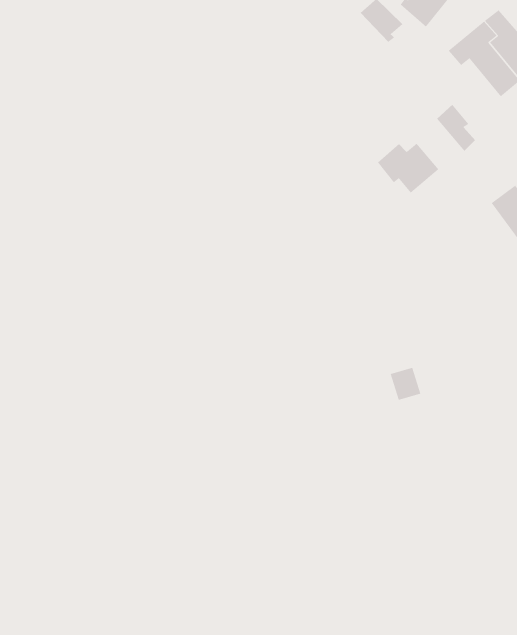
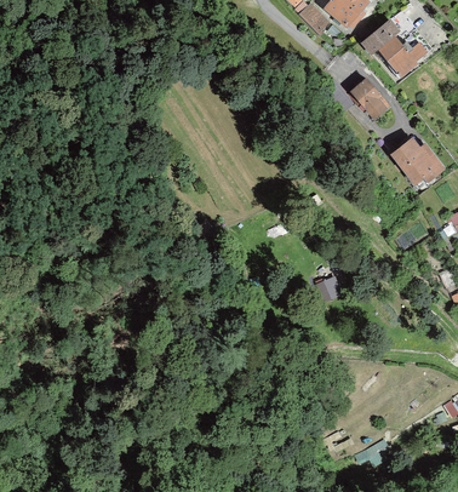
building: [377,143,439,194] -> none

